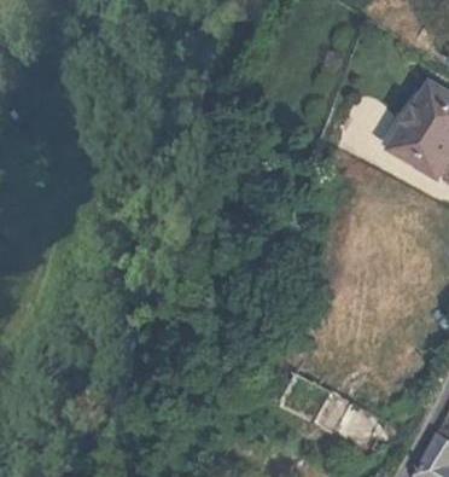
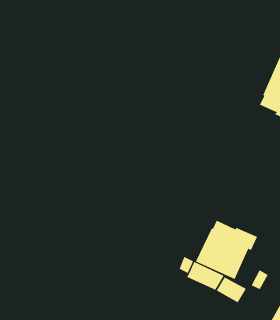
building: none -> [195,220,258,280]

